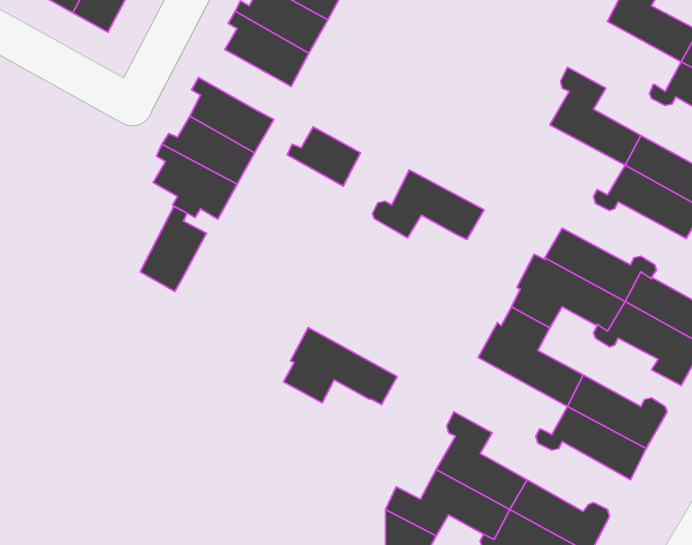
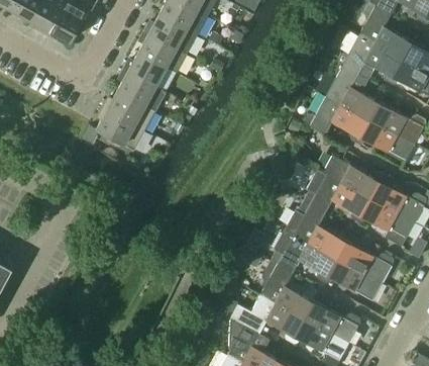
building: none -> [335,36,401,77]
building: [287,127,360,186] -> [122,53,165,87]
building: [372,170,484,240] -> [304,96,368,136]
building: [140,206,206,291] -> none
building: [284,328,397,404] -> [270,231,335,275]

